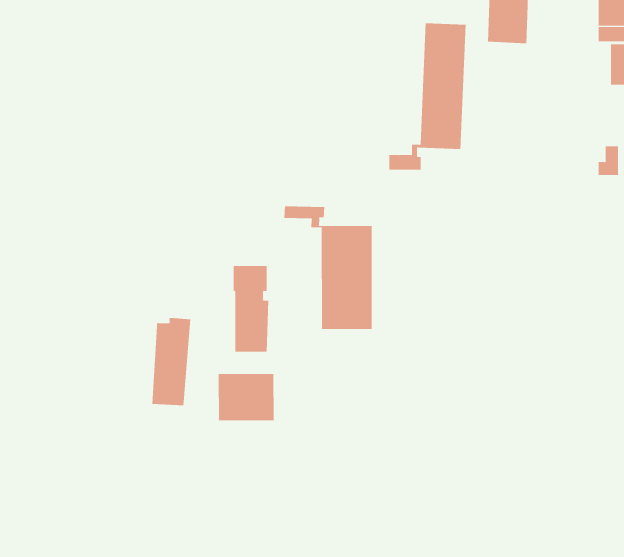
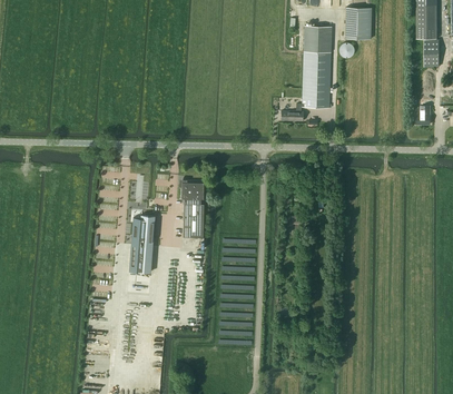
building: [284,205,372,330] -> none
building: [218,373,274,421] -> none

